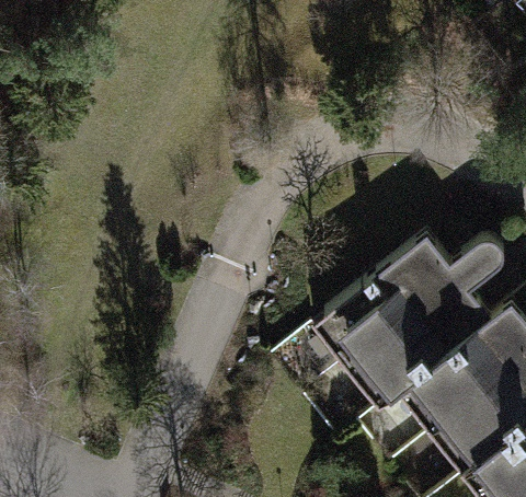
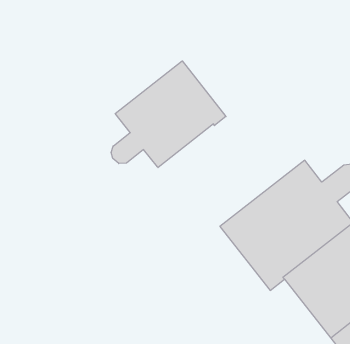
building: none -> [111,61,226,168]

